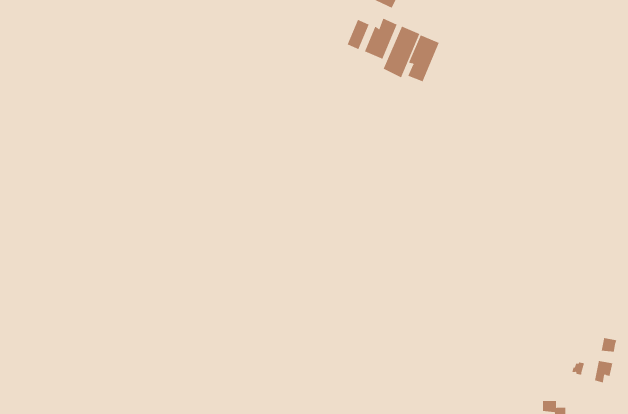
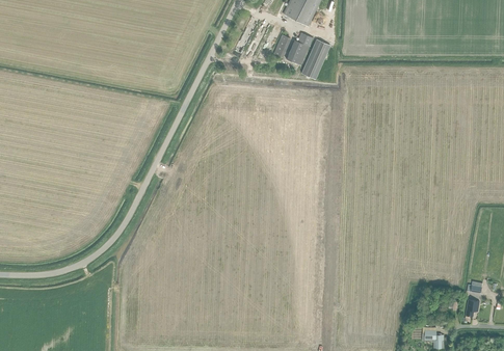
building: [407,34,440,82] -> none

